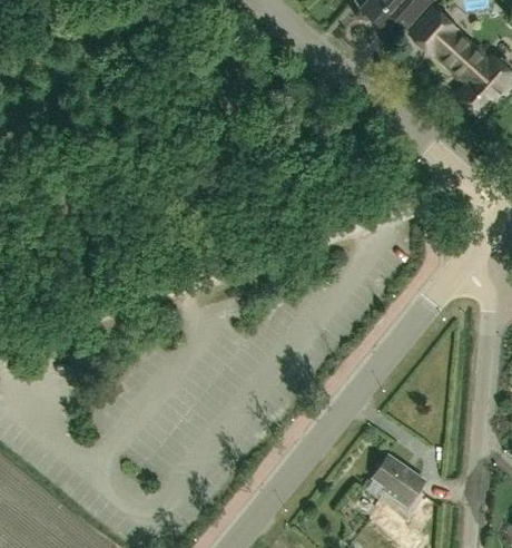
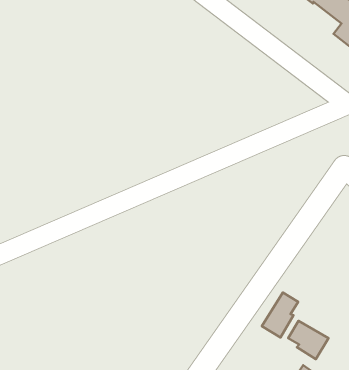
building: none -> [262,293,298,337]

